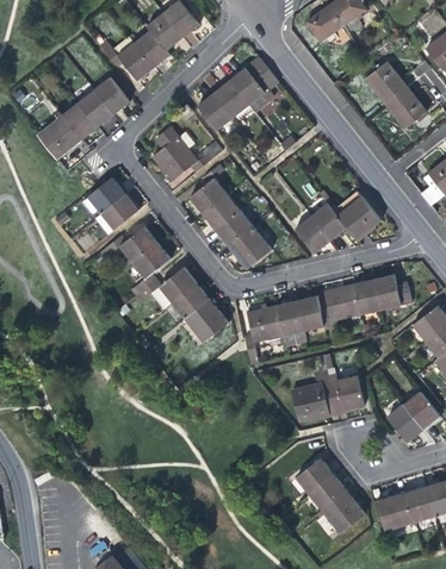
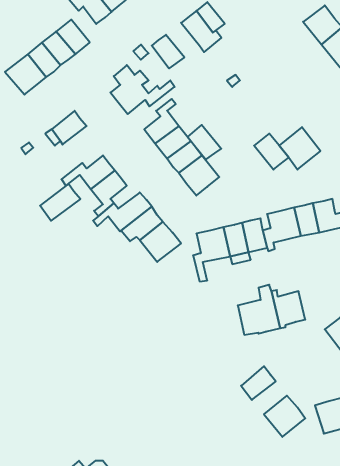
building: [213,80,250,118] -> none
building: [95,193,140,233] -> [40,184,80,221]
building: [295,214,332,252] -> [187,125,221,160]
building: [308,473,346,508] -> none

